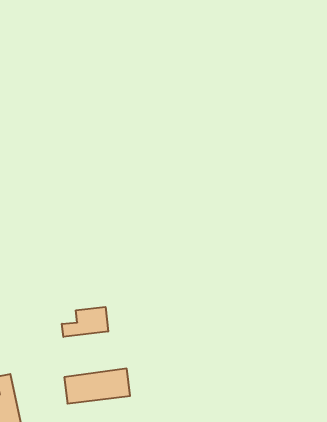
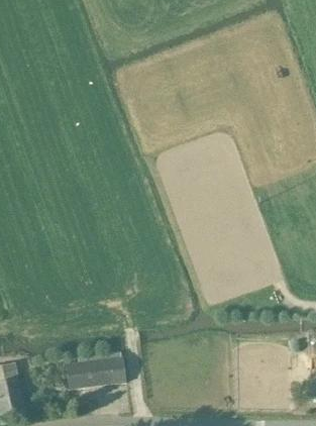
building: [62,307,108,337] -> none

